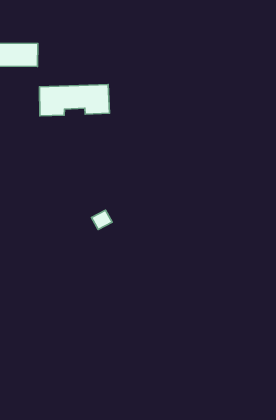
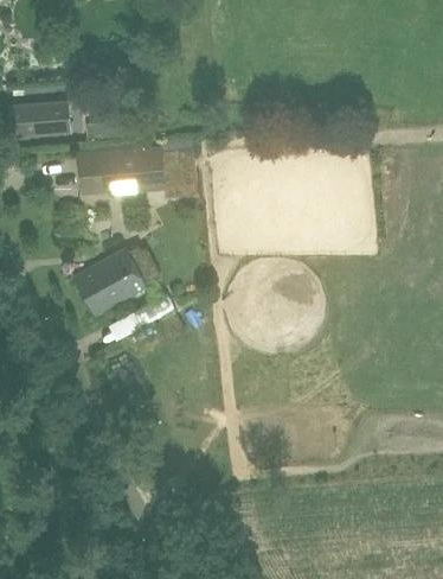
building: none -> [72,248,147,316]

